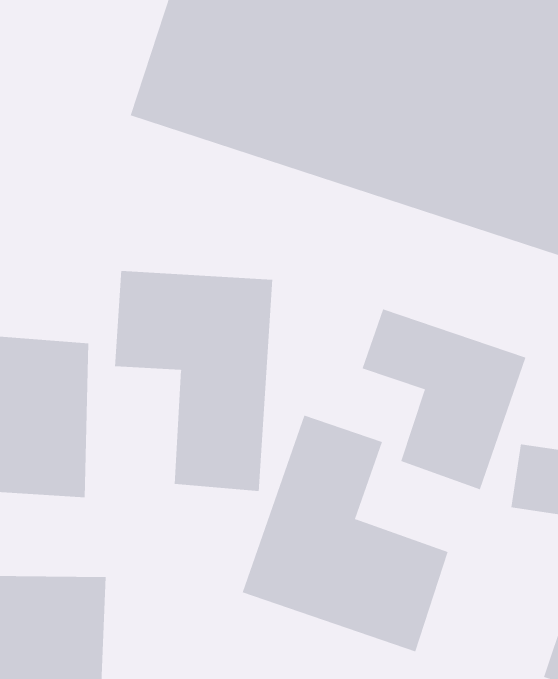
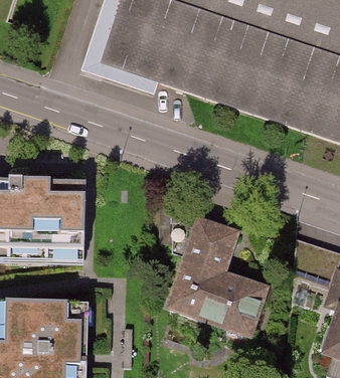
building: [115,270,273,492] -> none
building: [362,308,526,490] -> none

